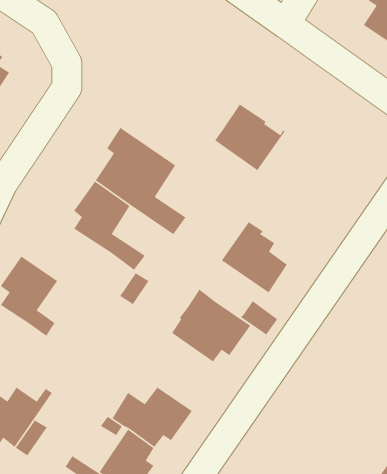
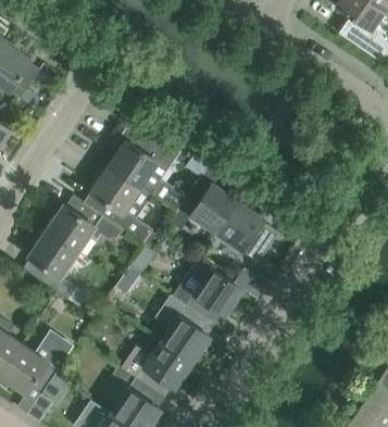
building: [214,104,285,171] -> [180,177,241,235]
building: none -> [47,199,123,252]
building: none -> [157,294,211,363]

